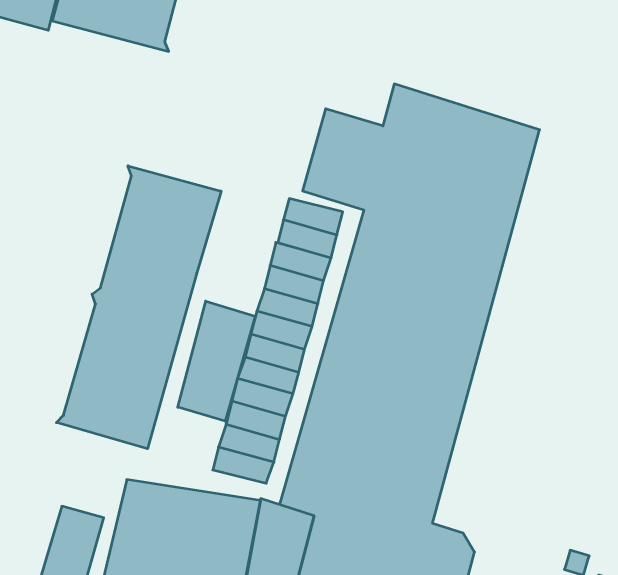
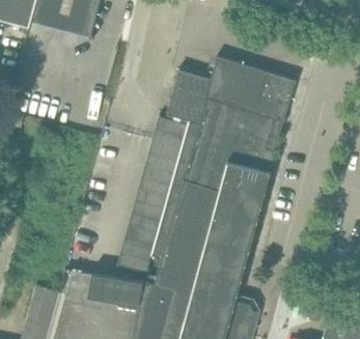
building: [56,166,221,449] -> none
building: [178,301,255,421] -> none

